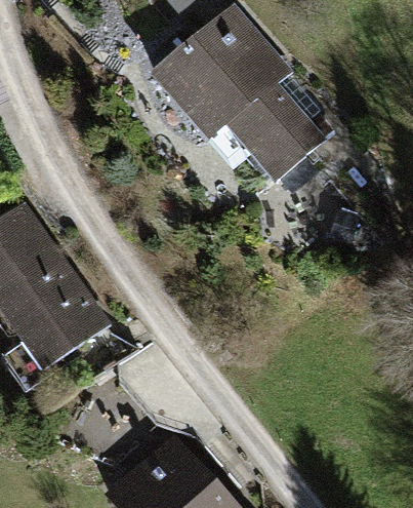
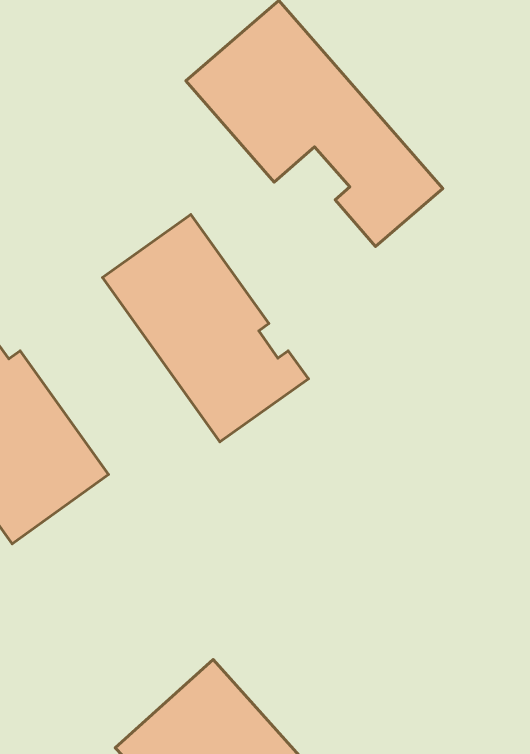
building: none -> [102,214,308,442]

